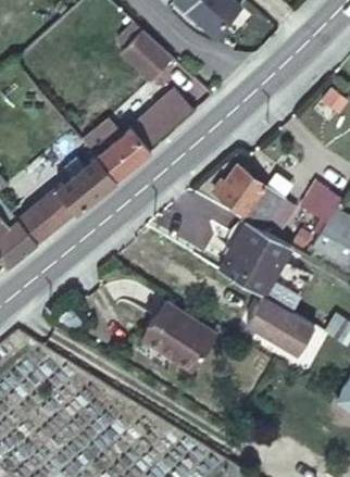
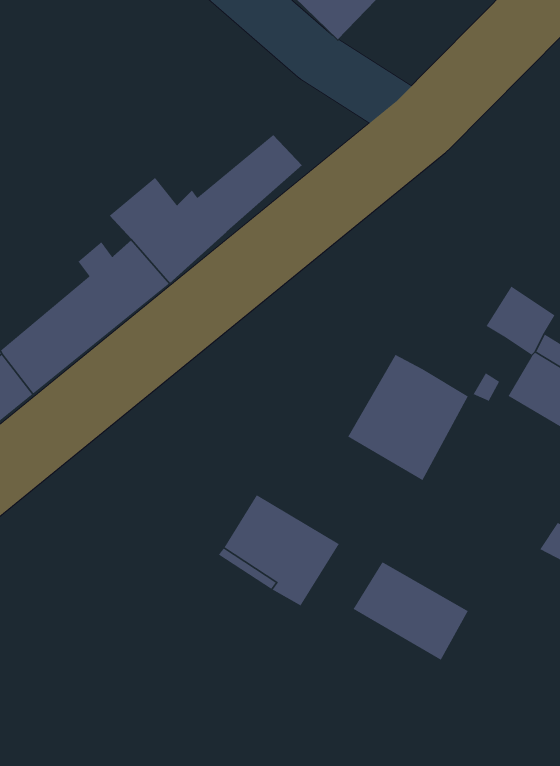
building: [117,29,168,79] -> none
building: [212,165,284,230] -> none
building: [246,297,314,355] -> [353,561,469,661]

